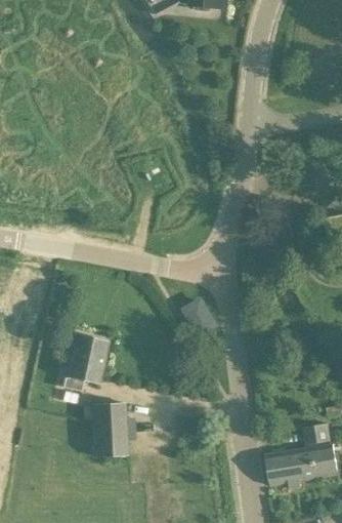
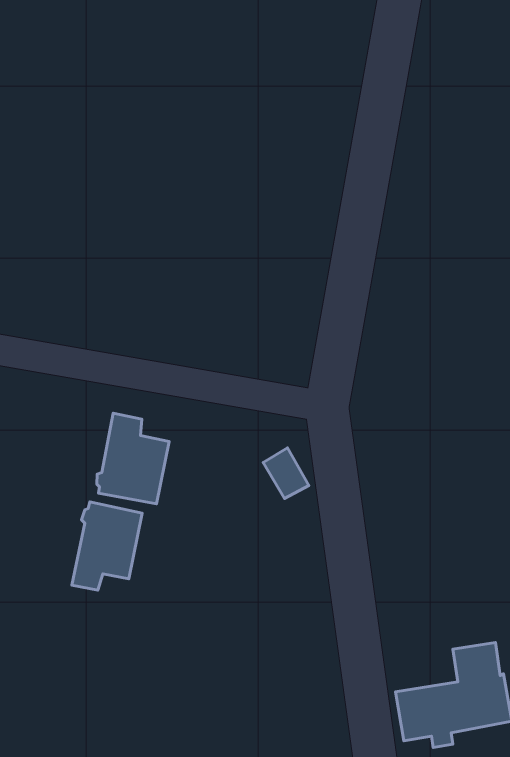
building: none -> [97,413,169,504]
building: [91,402,126,456] -> none

